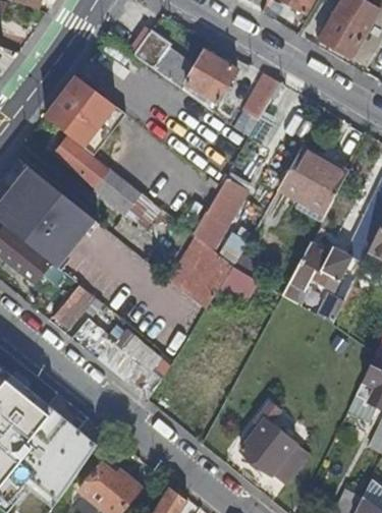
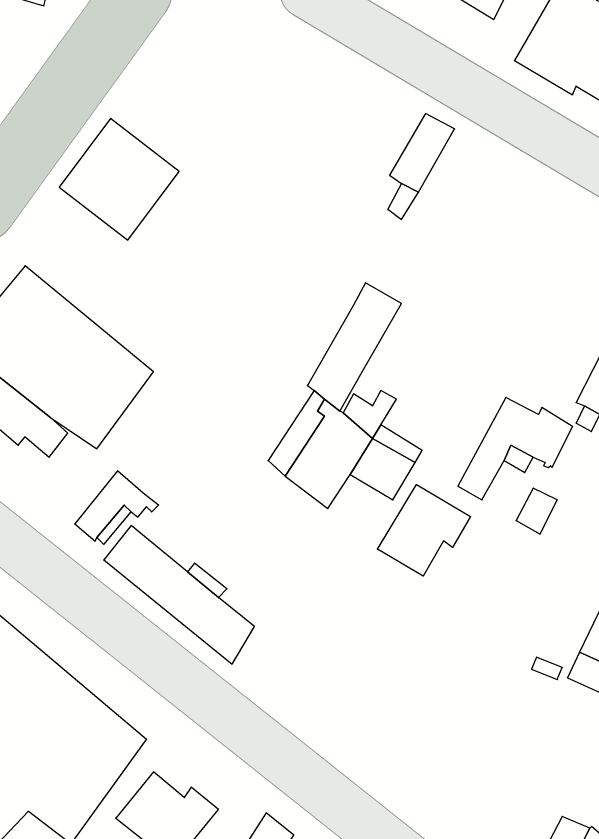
building: [135,31,237,105] -> none
building: [55,137,161,226] -> none
building: [277,148,347,216] -> none
building: none -> [377,485,471,576]
building: [240,406,301,477] -> none

